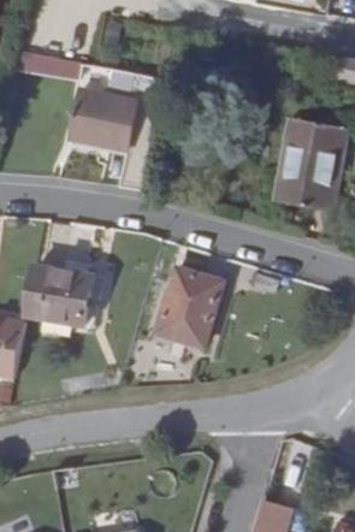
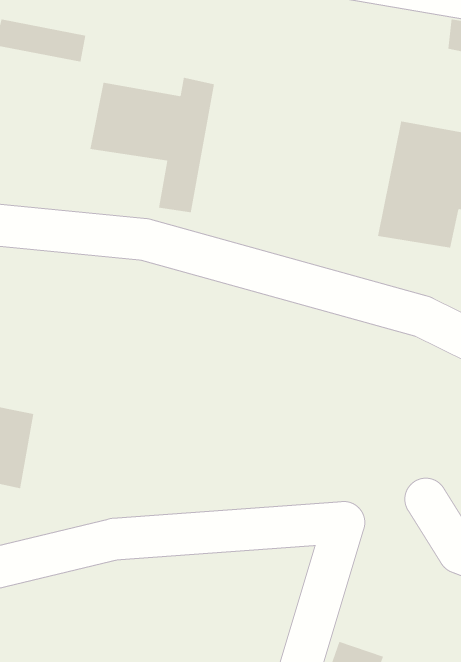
building: [30,270,97,327] -> none
building: [160,270,220,349] -> none

